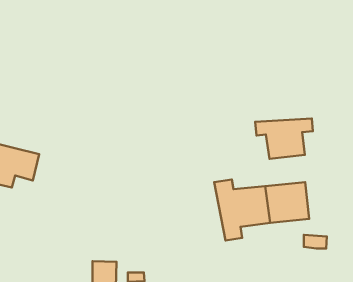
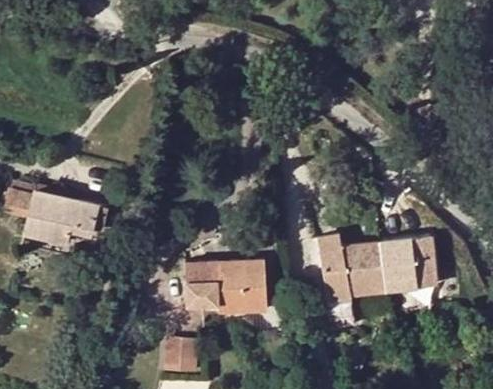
building: [255,118,313,159] -> none
building: none -> [186,260,265,320]

